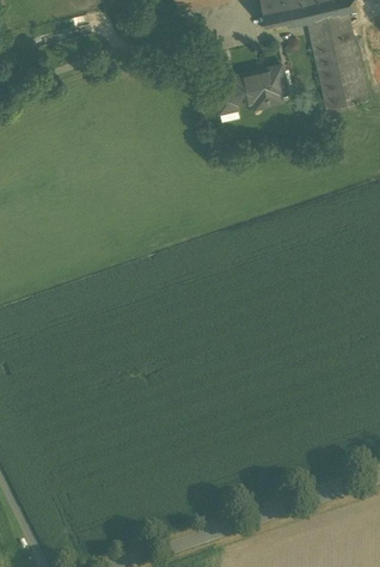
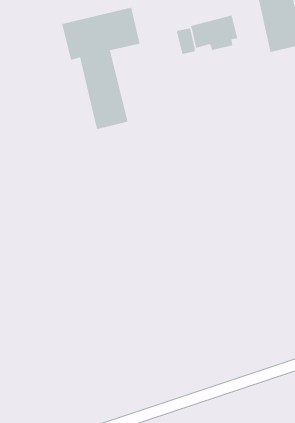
building: none -> [61,7,140,130]

